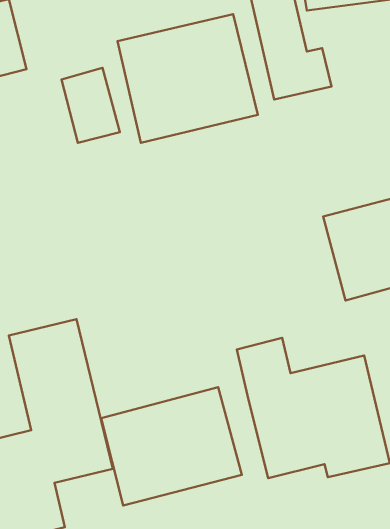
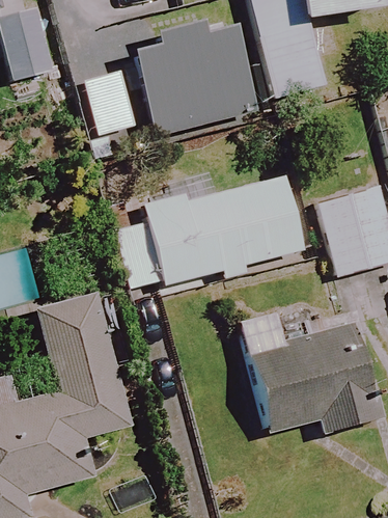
building: none -> [124,175,302,292]
building: [101,387,242,506] -> none

